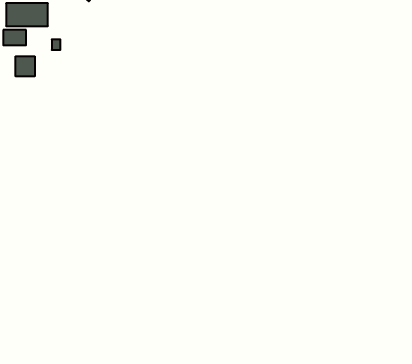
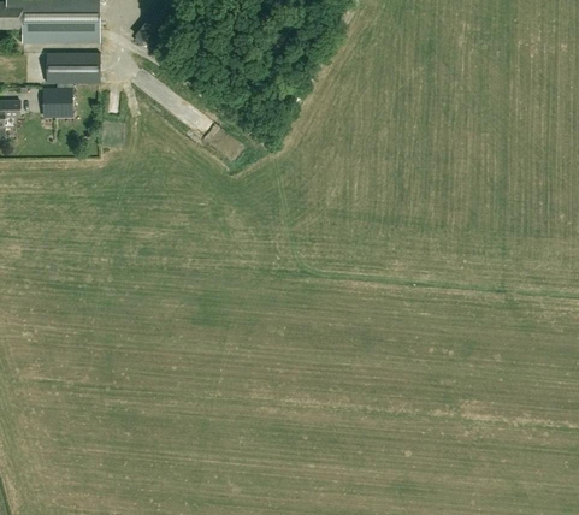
building: [16,56,35,76] -> none

